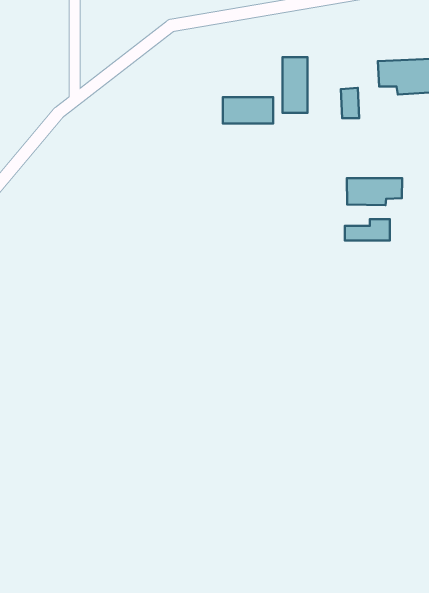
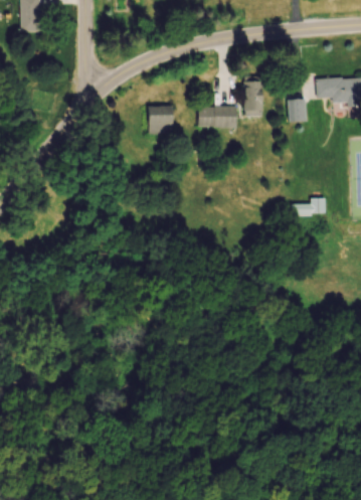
building: none -> [149,106,173,133]
building: [347,178,402,205] -> none

